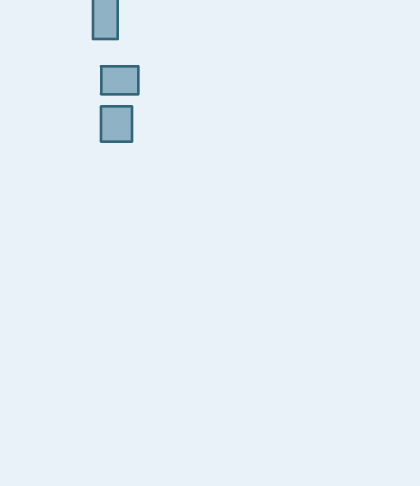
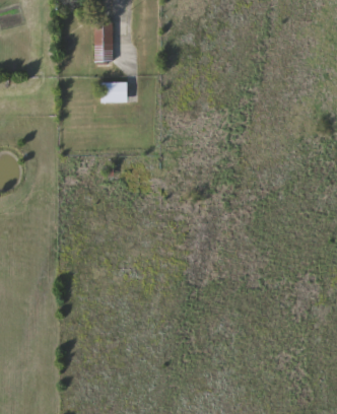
building: [101,106,132,142] -> none

